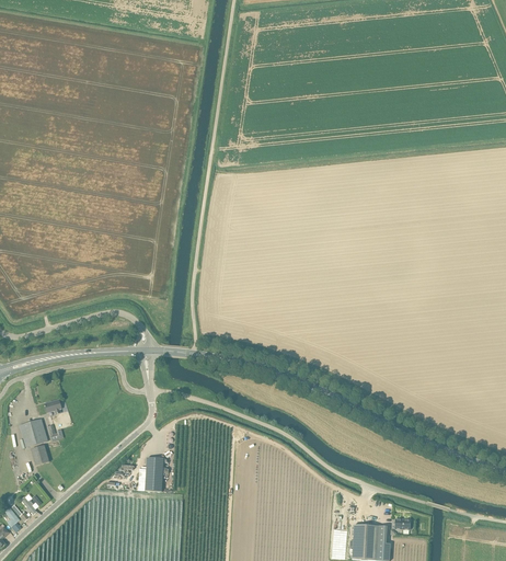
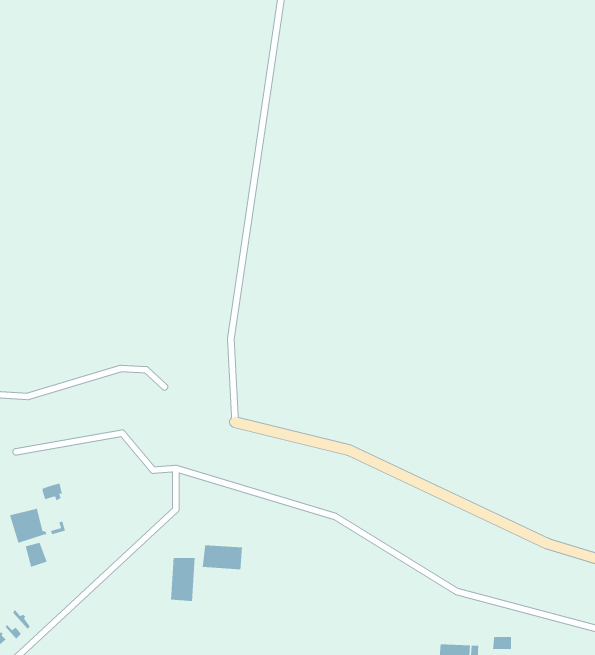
building: none -> [202,545,242,570]

